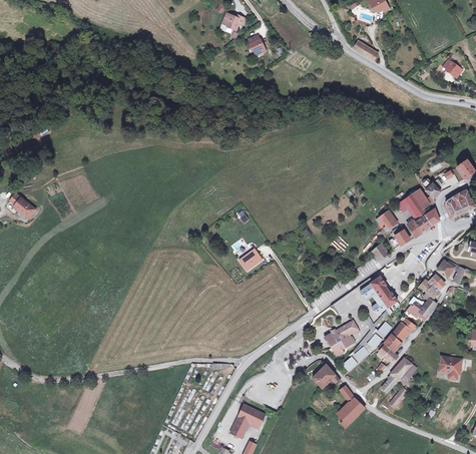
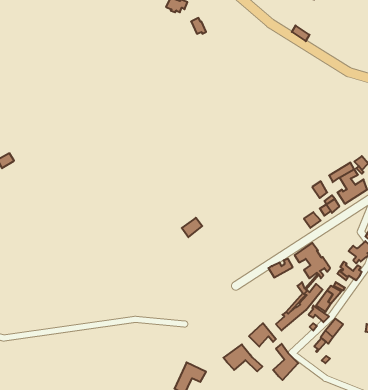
building: [326,321,357,356] -> none
building: none -> [223,344,262,371]

